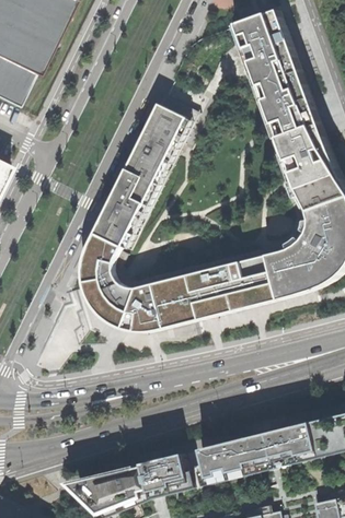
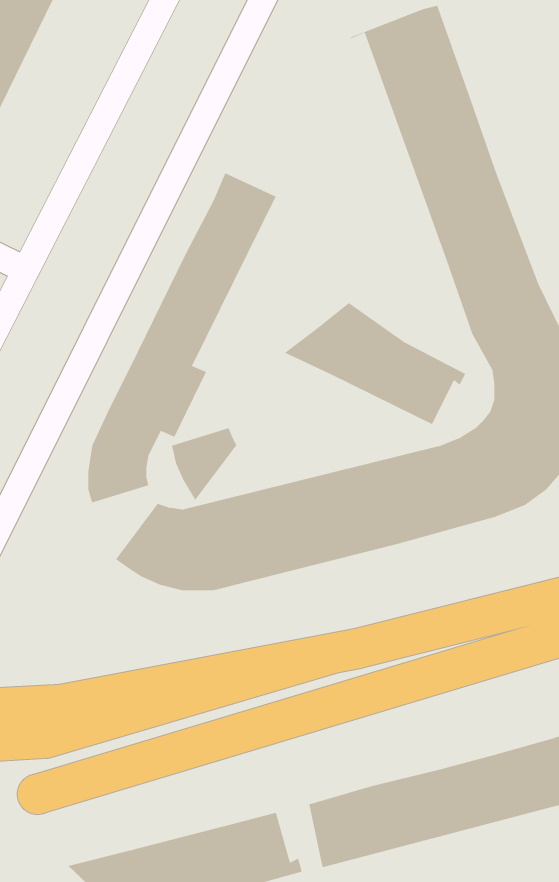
building: none -> [284,302,466,425]
building: [84,273,120,314] -> [171,427,237,501]

